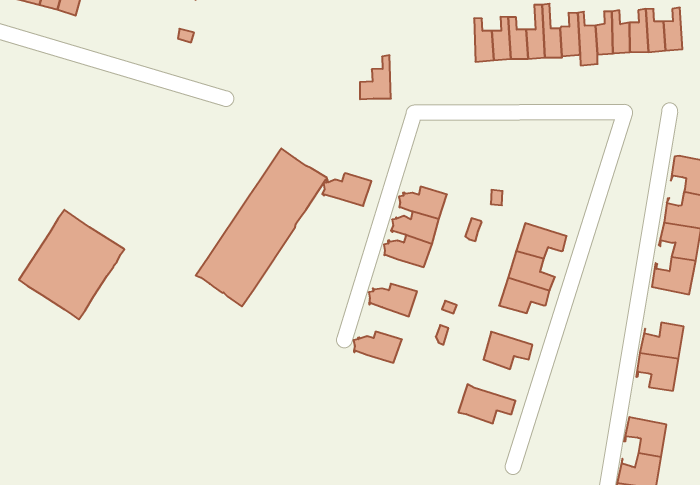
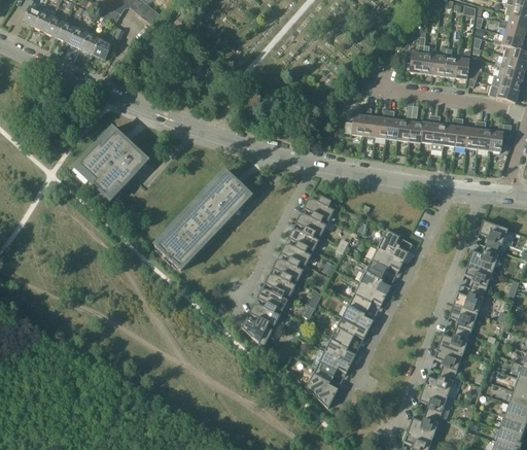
building: [360,55,391,99] -> [342,106,366,135]
building: [322,173,371,206] -> [303,196,337,219]
building: none -> [377,230,408,261]
building: [19,210,124,319] -> [74,127,147,201]
building: none -> [272,256,305,280]
building: none -> [449,304,477,334]
building: none -> [342,299,373,328]
building: none -> [256,286,289,310]
building: none -> [242,316,274,346]
building: none -> [324,333,355,364]
building: none -> [423,370,455,396]
building: none -> [306,367,338,407]

